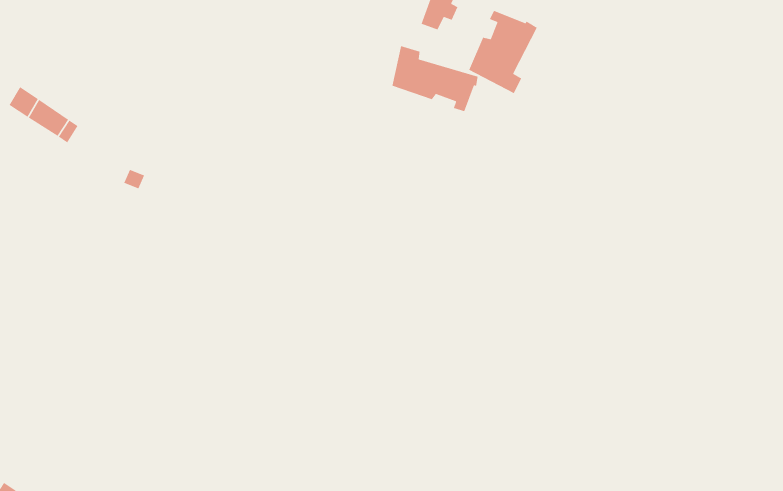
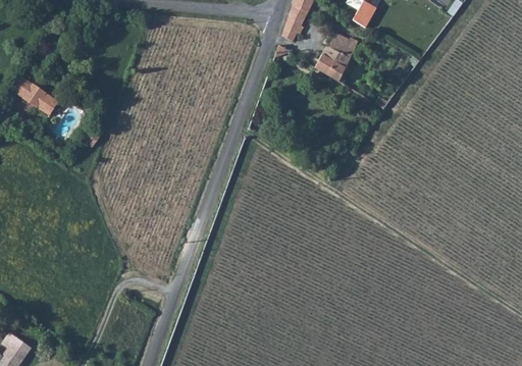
building: [391,45,479,112] -> none

